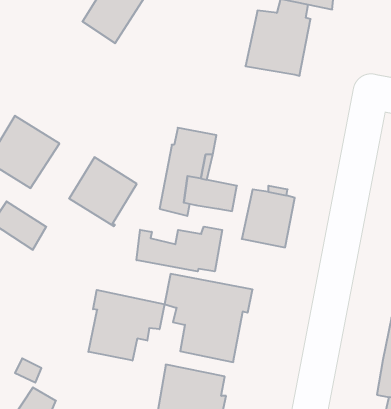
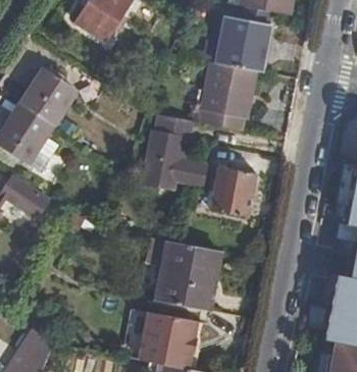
building: none -> [198,60,257,130]
building: [69,157,137,226] -> [20,68,78,126]
building: [137,227,222,271] -> none
building: [88,290,164,361] -> none

